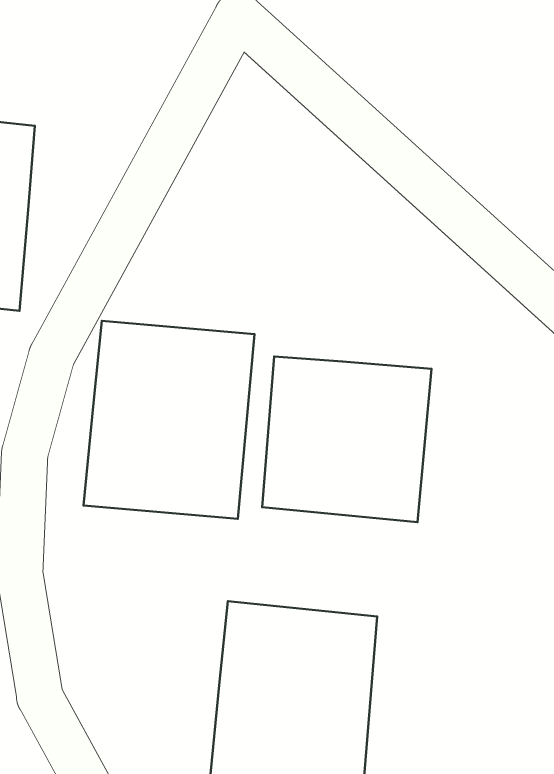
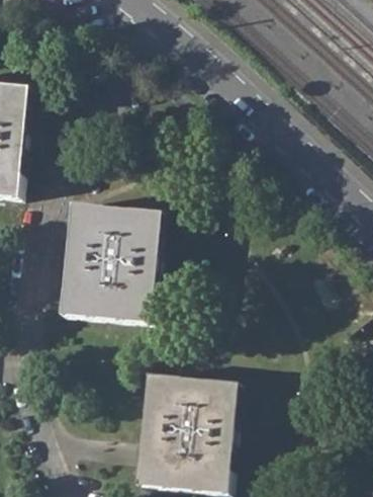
building: [262,357,432,522] -> none

